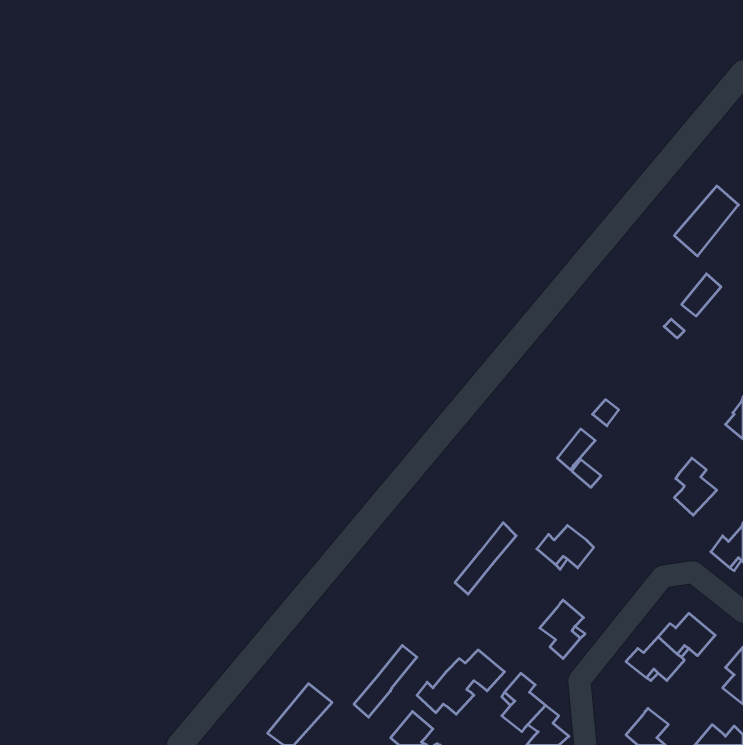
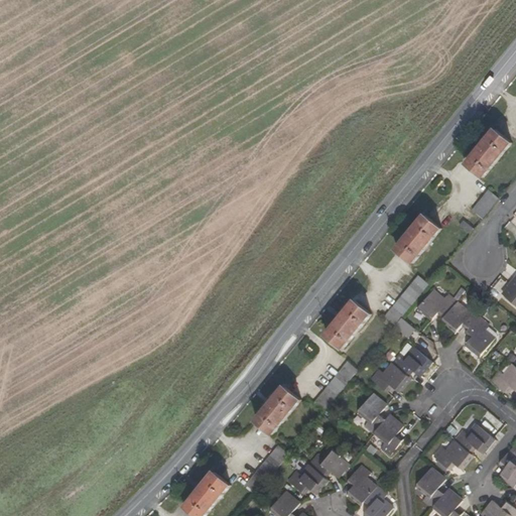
building: none -> [395,215,439,262]
building: none -> [416,289,479,331]
building: none -> [325,299,370,348]
building: none -> [391,345,430,374]
building: none -> [255,385,299,432]
building: none -> [356,392,385,432]
building: none -> [414,467,444,506]

